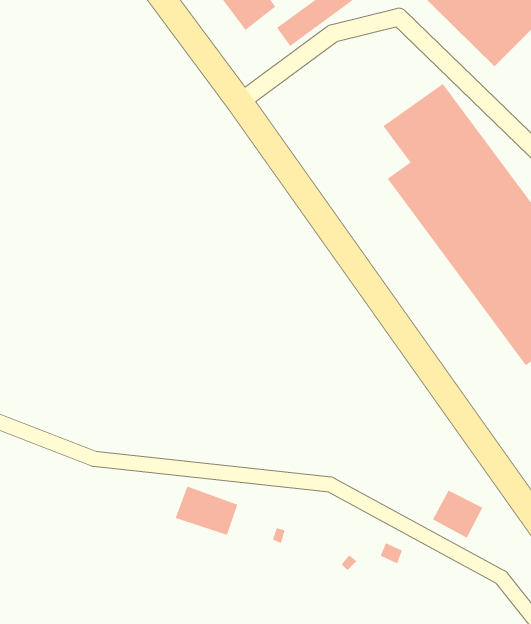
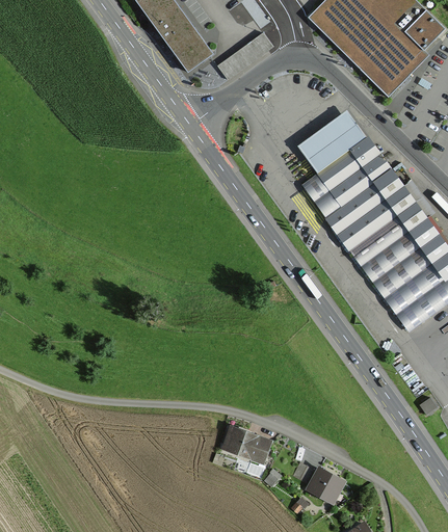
building: [175,486,238,536] -> [223,427,272,466]
building: [432,490,483,538] -> [307,471,346,508]

